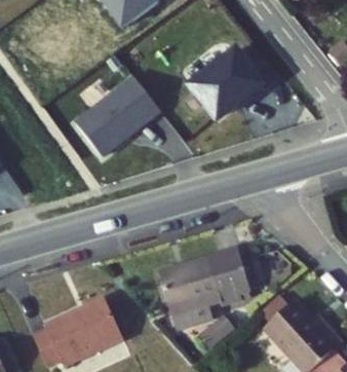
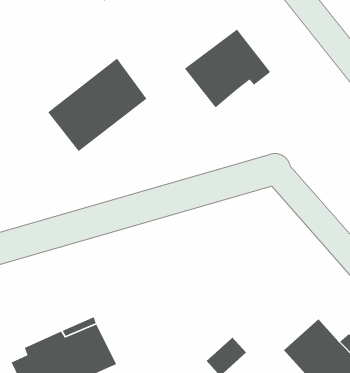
building: [163,249,257,329] -> none

